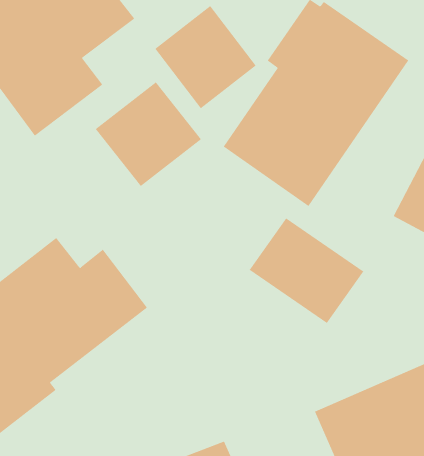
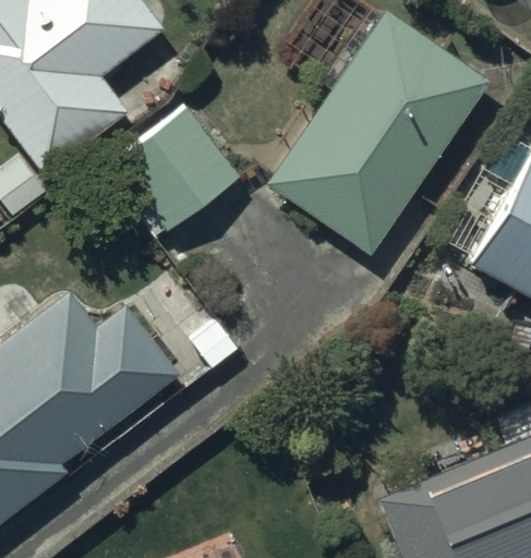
building: [155,5,257,109] -> none
building: [249,217,364,324] -> none

